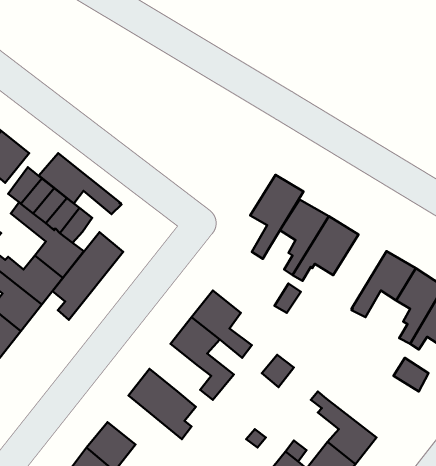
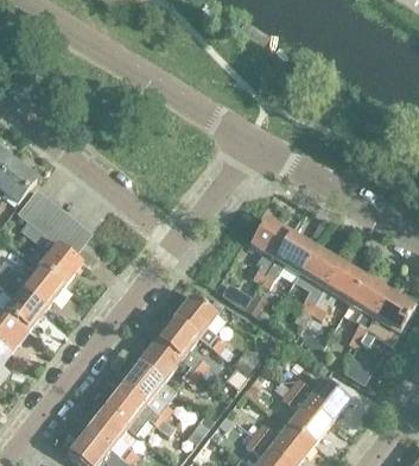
building: [39,153,121,214] -> none
building: [250,175,304,259] -> [294,246,339,317]
building: [53,232,123,320] -> none
building: none -> [139,339,180,379]
building: none -> [288,374,350,418]
building: none -> [103,383,166,433]

